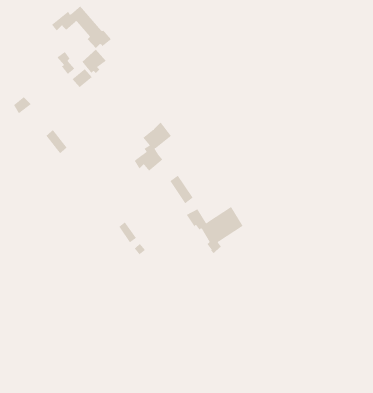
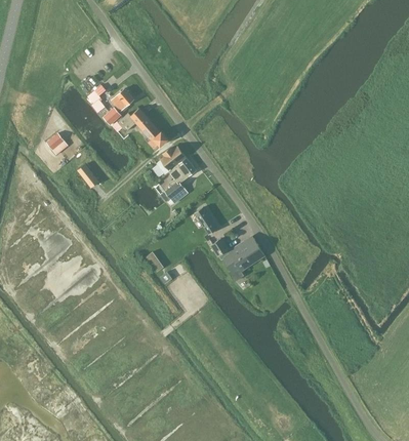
building: [51,5,112,49] -> [113,107,170,148]
building: none -> [157,145,186,173]

